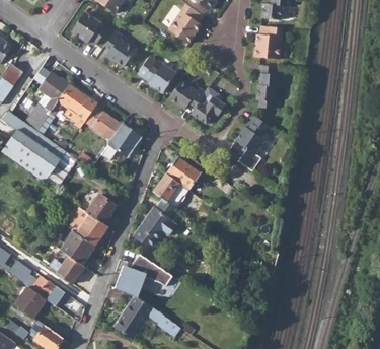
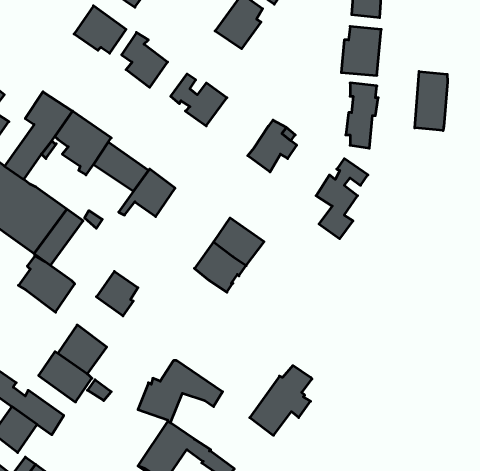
building: none -> [415,71,448,131]
building: [168,82,205,112] -> none
building: [135,200,177,248] -> [250,366,312,435]
building: [69,207,107,246] -> [18,256,75,312]

